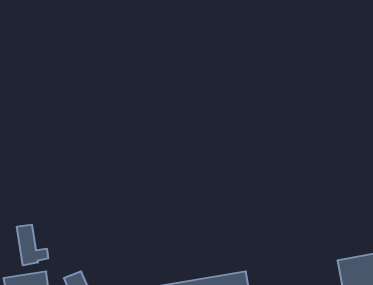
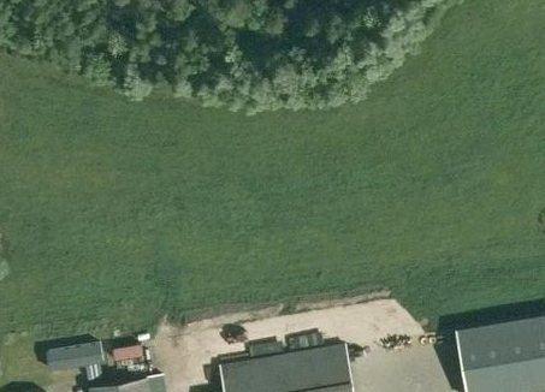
building: [17,225,48,265] -> none

